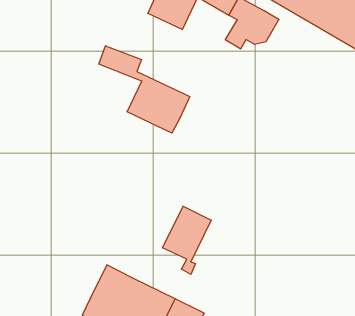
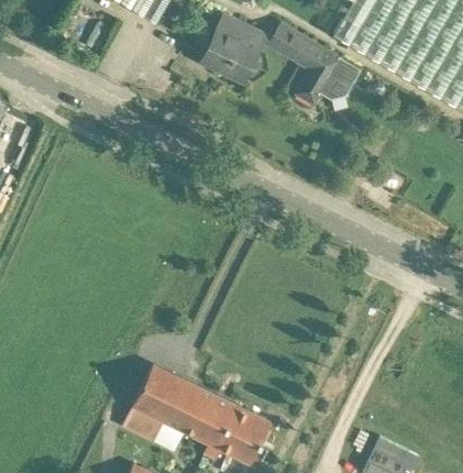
building: [99,46,190,133] -> none
building: [163,206,211,274] -> none

